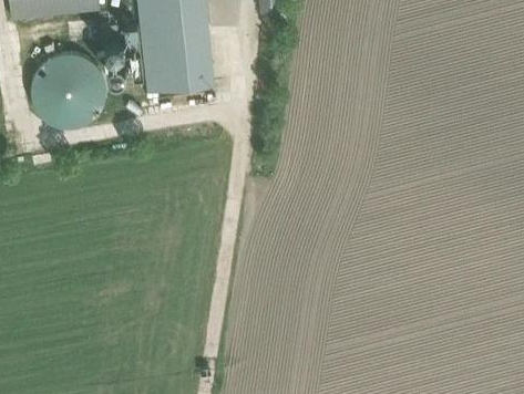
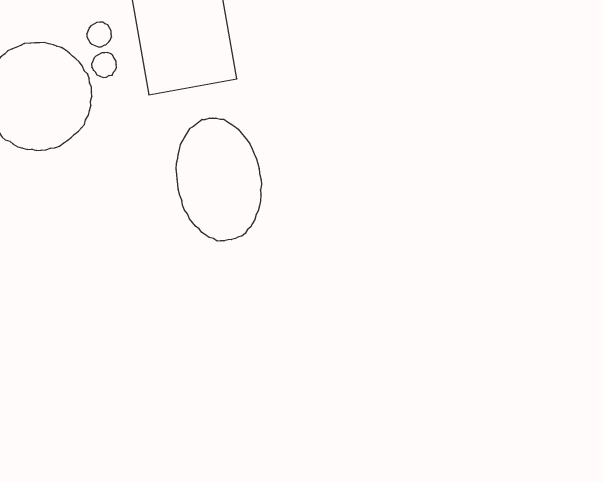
building: none -> [176,118,262,241]

